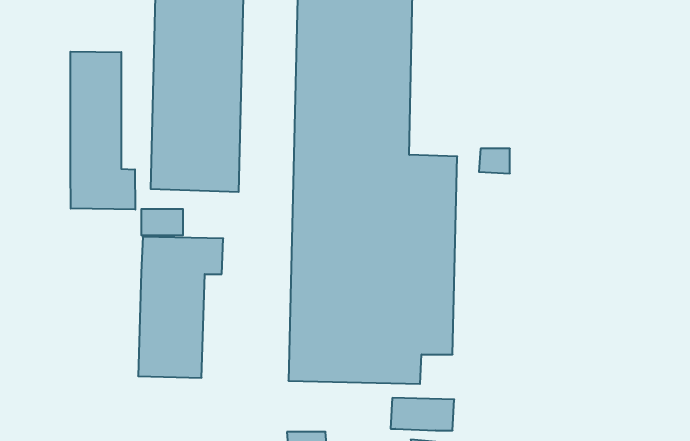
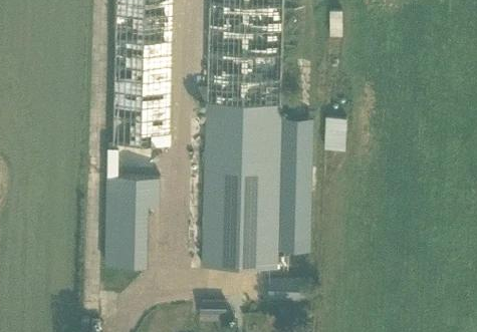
building: [70,52,135,210] -> none

